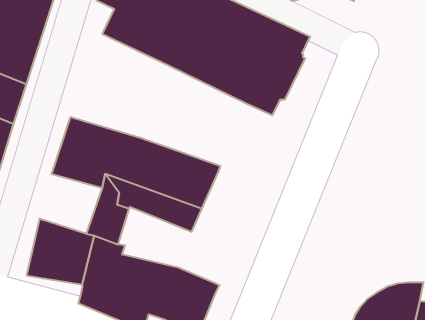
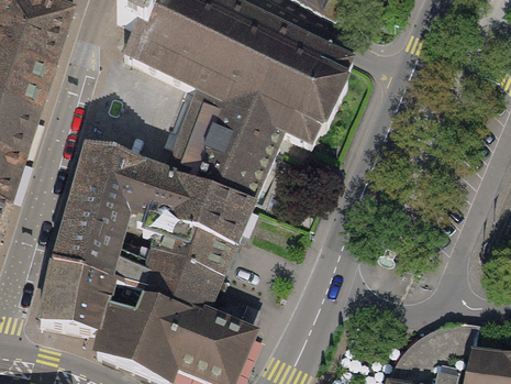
building: none -> [168,88,285,199]
building: none -> [56,208,125,274]
building: none -> [143,244,224,311]

